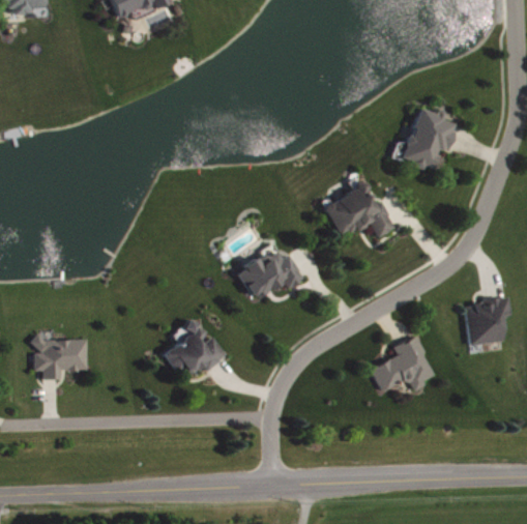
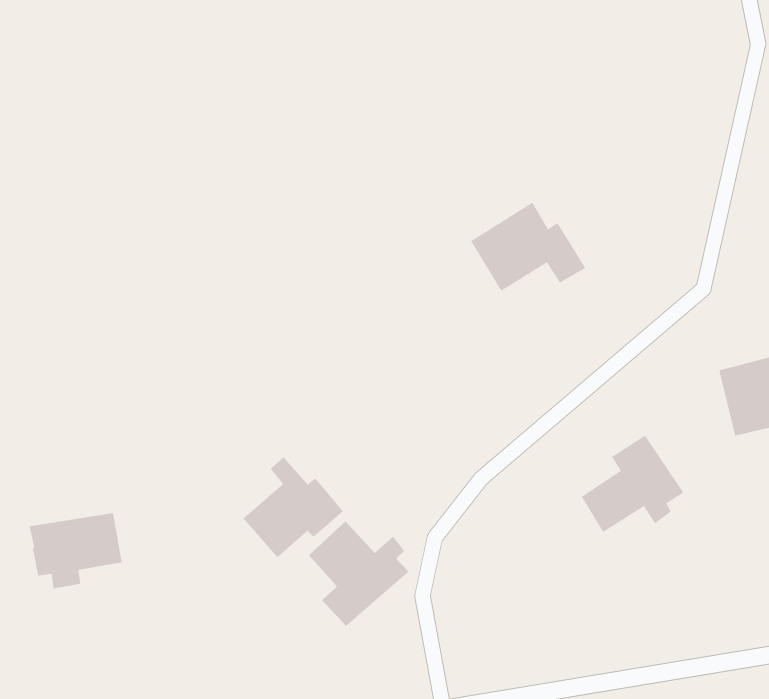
building: [401,106,455,169] -> none
building: [236,250,302,299] -> none
building: none -> [308,520,409,627]

